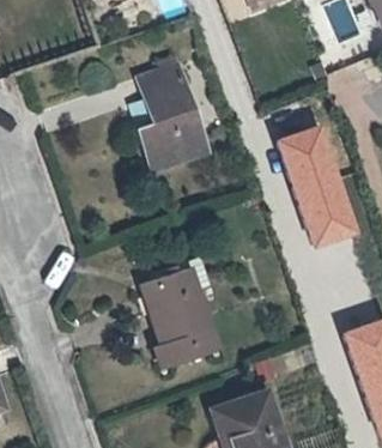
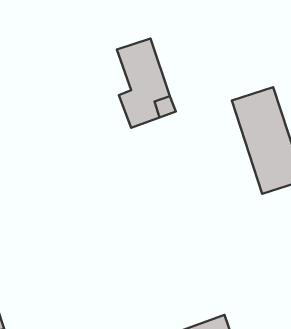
building: [141,261,222,374] -> none

